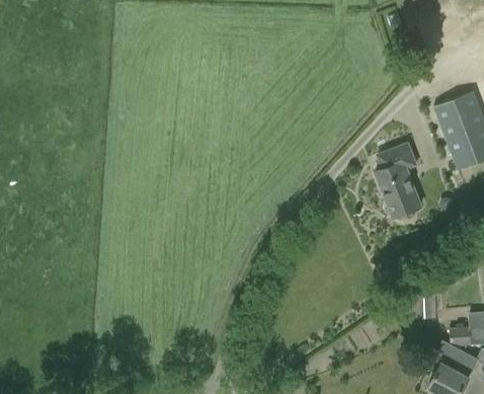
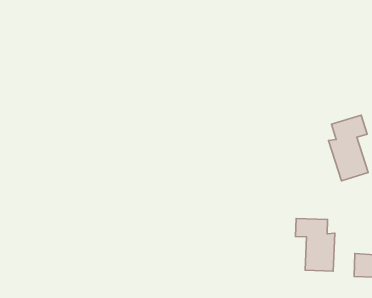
building: none -> [296,219,335,271]

